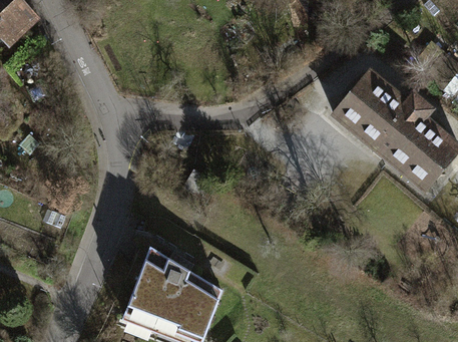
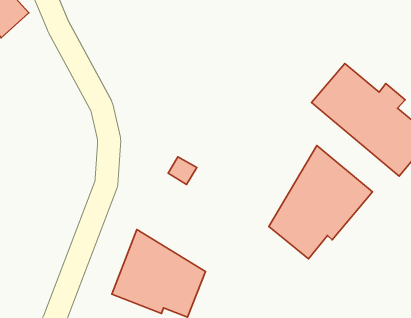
building: none -> [269,145,372,259]

